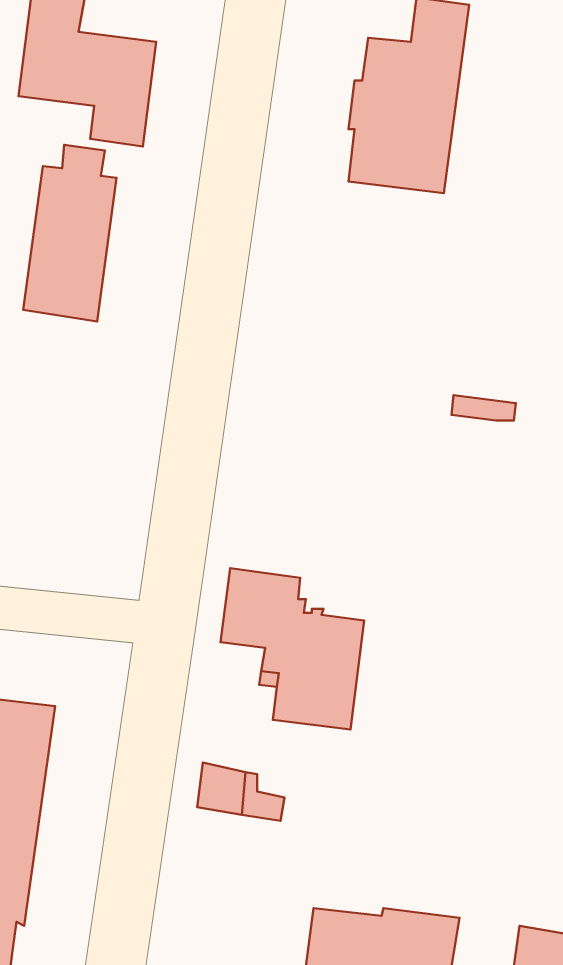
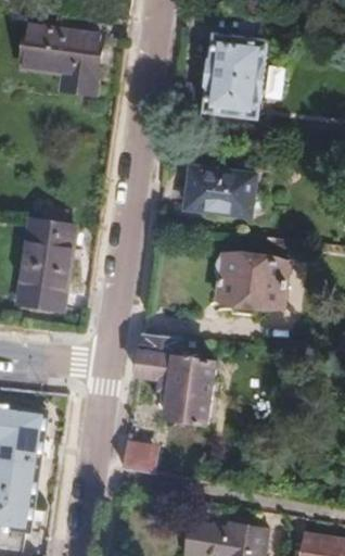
building: [23,145,117,322] -> [18,213,71,312]
building: none -> [189,166,267,216]
building: none -> [218,255,288,315]

